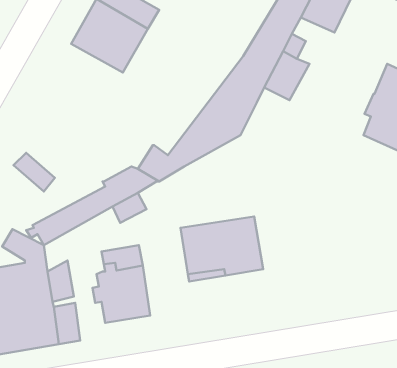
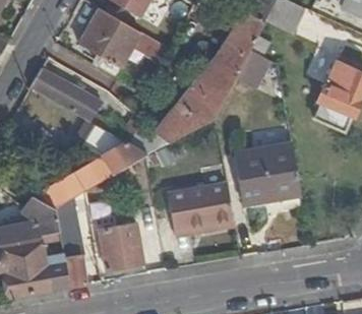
building: none -> [32,68,103,122]
building: none -> [236,144,302,204]

